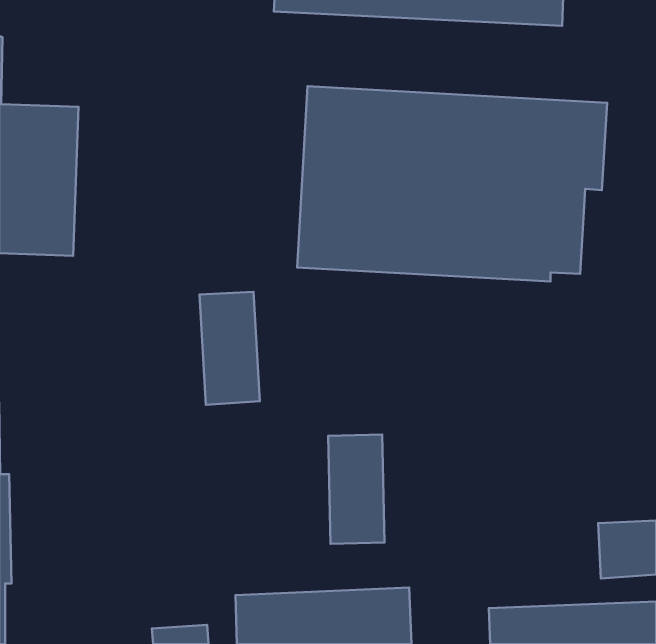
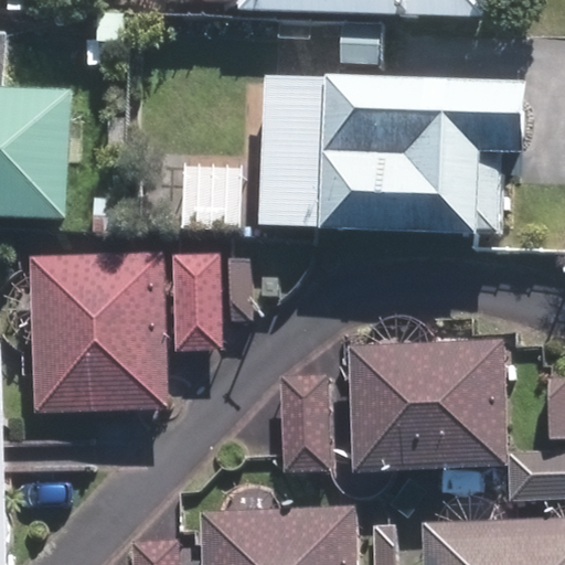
building: none -> [29,249,168,412]
building: none -> [348,340,507,469]

